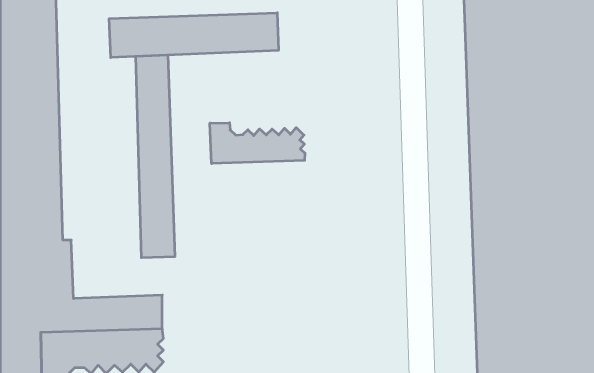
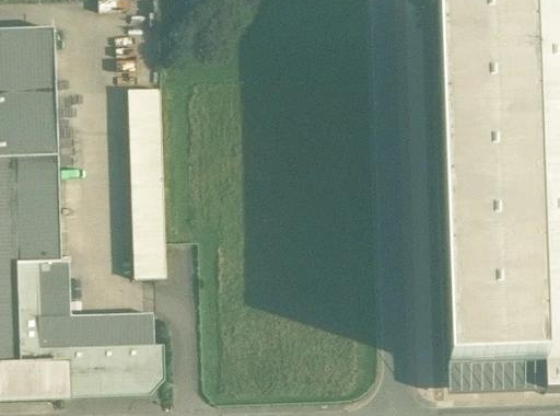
building: [109,13,278,58] -> none
building: [210,123,305,164] -> none

